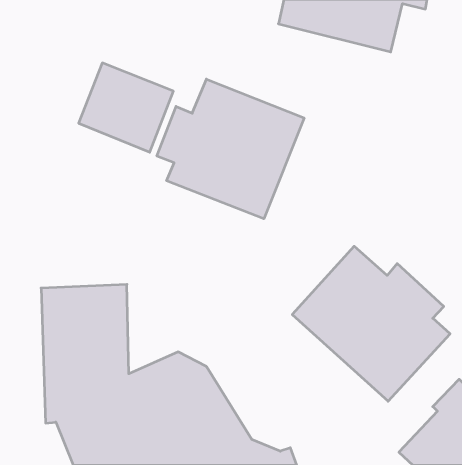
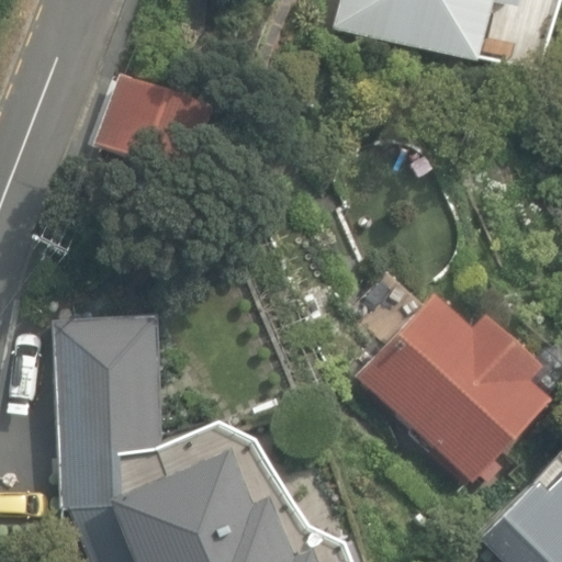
building: [157,79,304,219] -> none

